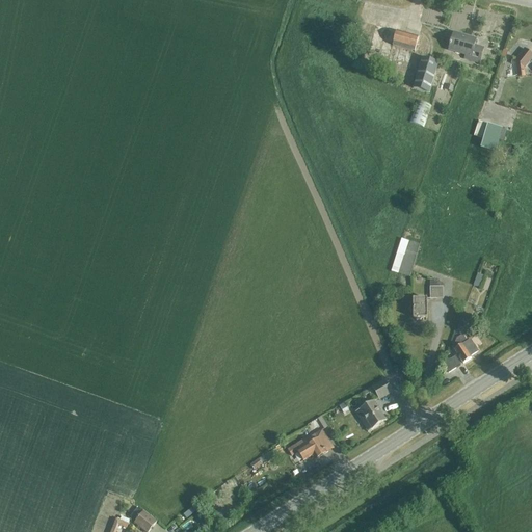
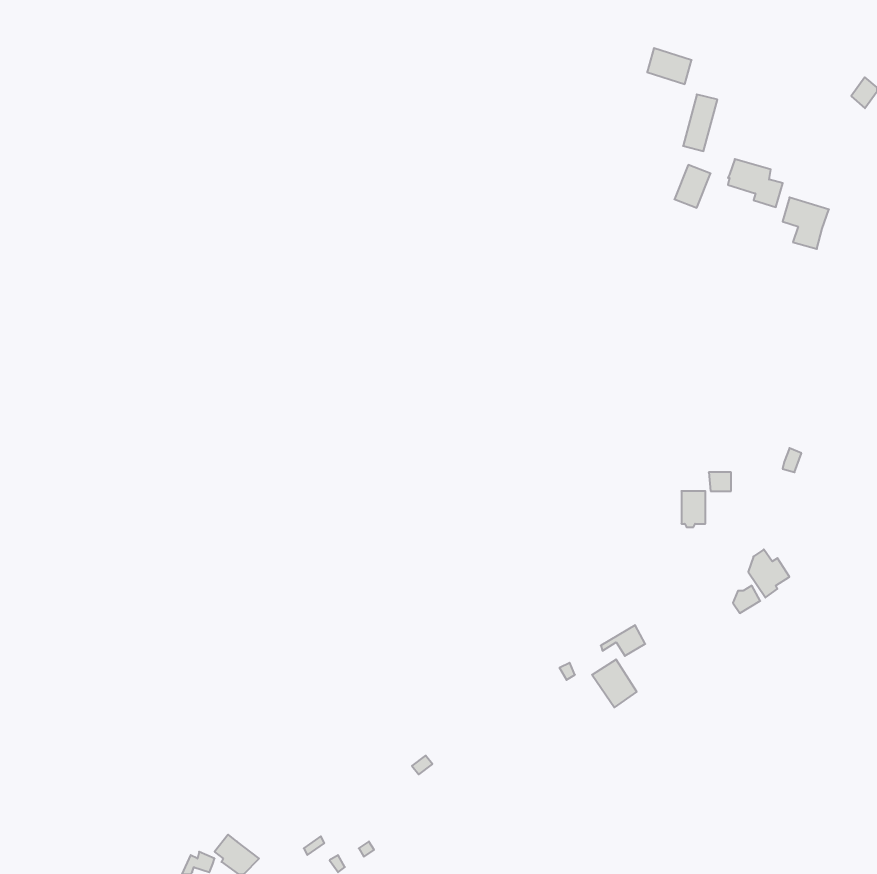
building: [449,32,482,61] -> [728,159,783,207]
building: [391,237,420,275] -> none
building: [288,428,331,459] -> none

